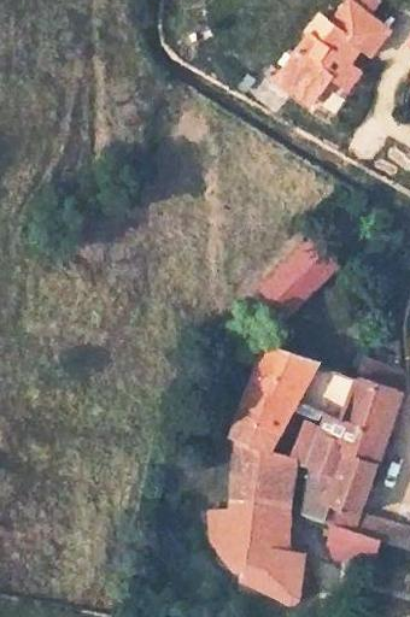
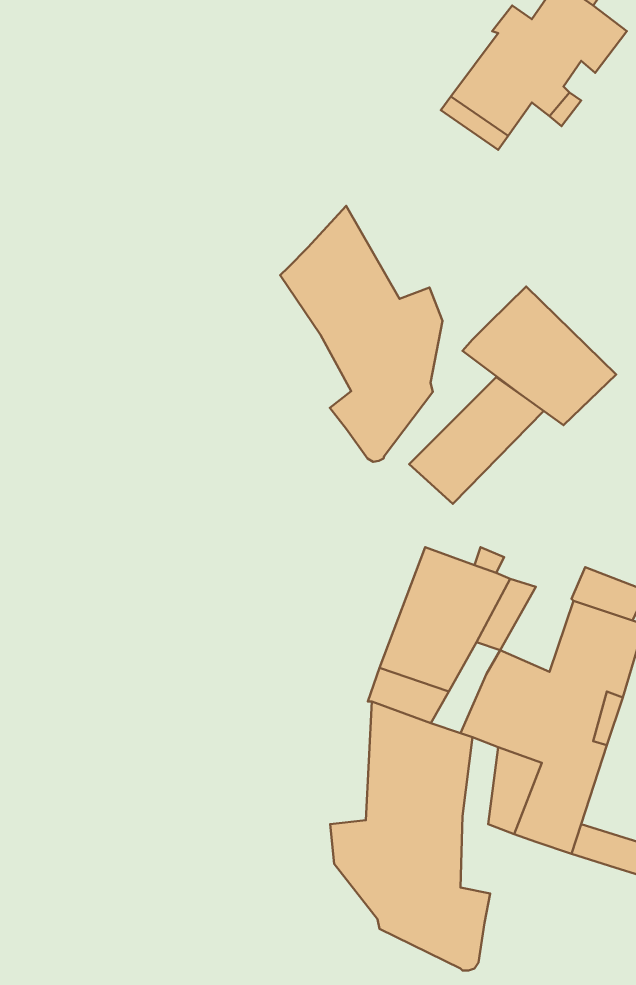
building: none -> [280,206,443,462]
building: none -> [463,286,616,425]
building: [312,370,357,422] -> none
building: [324,525,382,565] -> none

